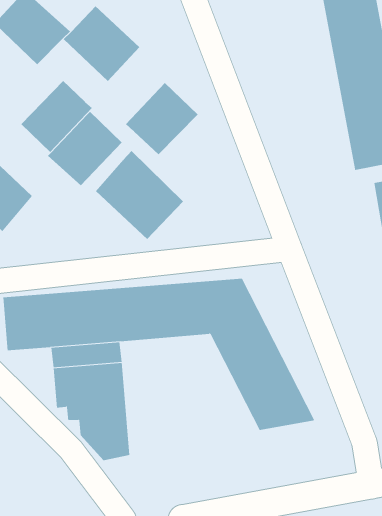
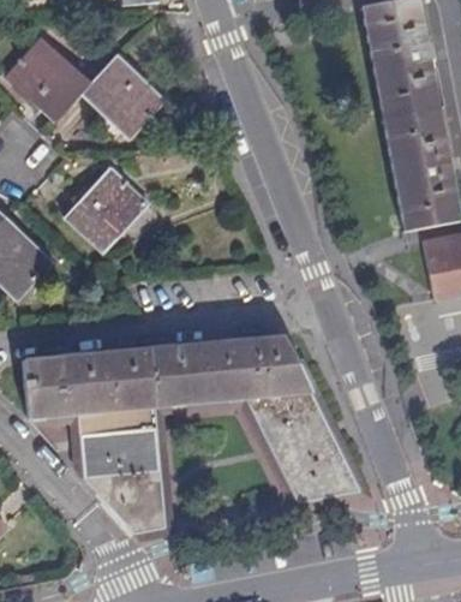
building: [20,80,93,153] -> none
building: [125,82,198,155] -> none
building: [95,150,184,240] -> none

